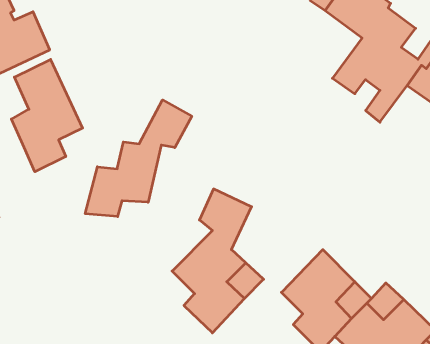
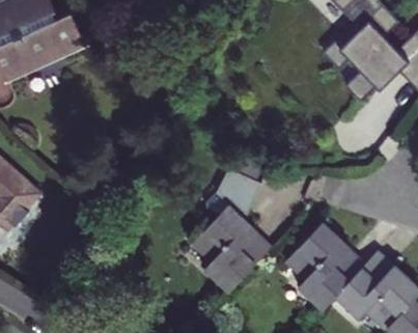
building: [11,59,83,172] -> none
building: [85,100,192,217] -> none

